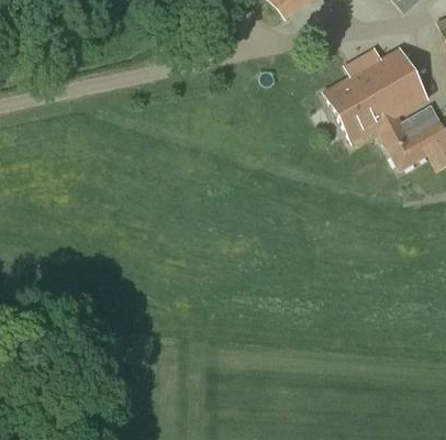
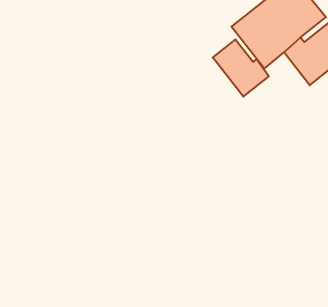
building: none -> [213,39,269,97]

